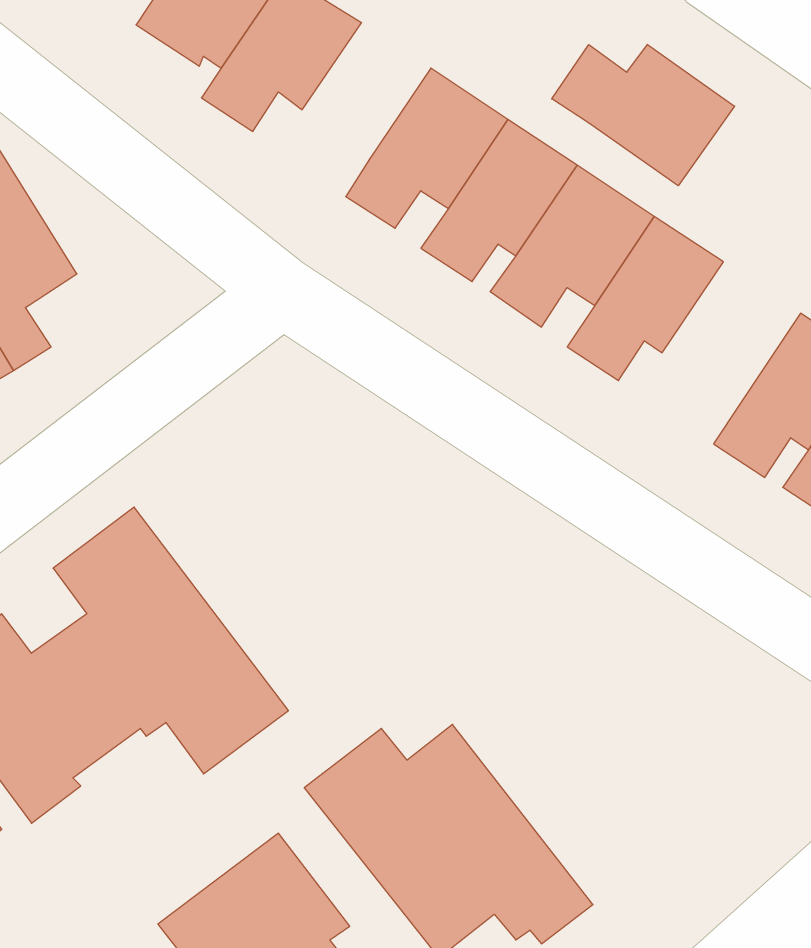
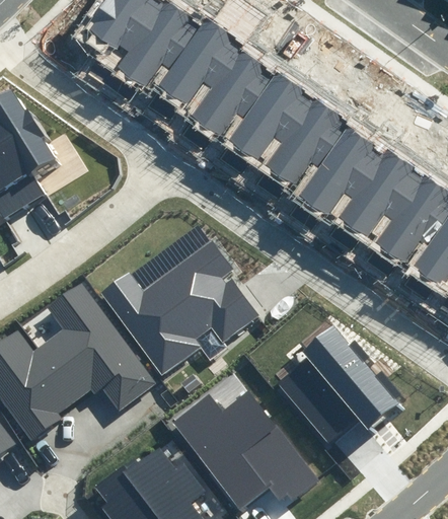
building: none -> [156,28,236,113]
building: [552,44,735,186] -> none
building: none -> [343,151,426,234]
building: none -> [97,236,256,376]
building: none -> [279,329,396,443]

